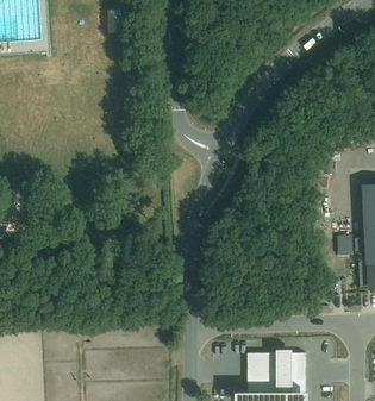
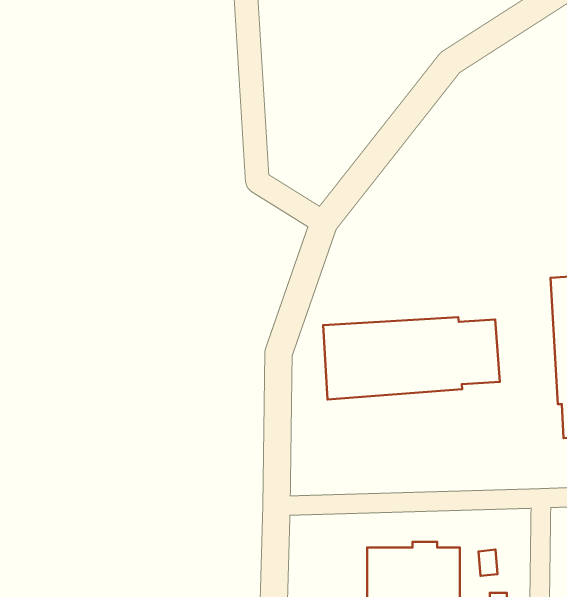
building: none -> [323,317,500,400]

